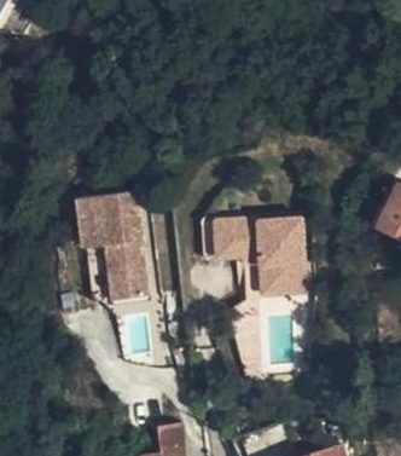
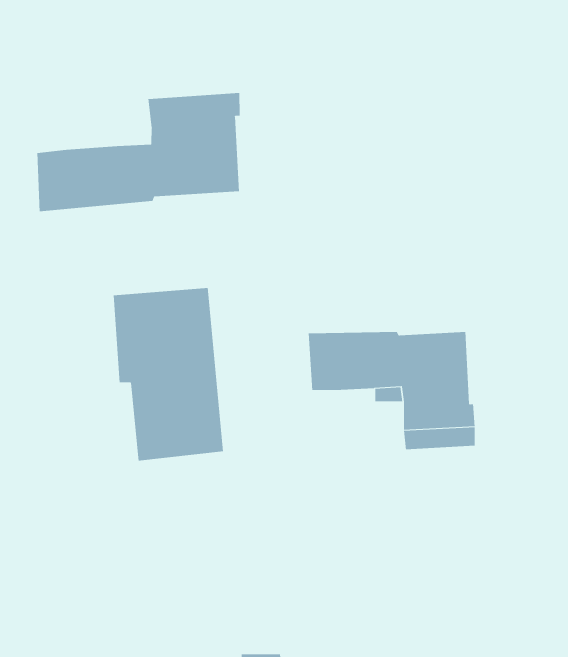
building: none -> [37,92,240,212]

